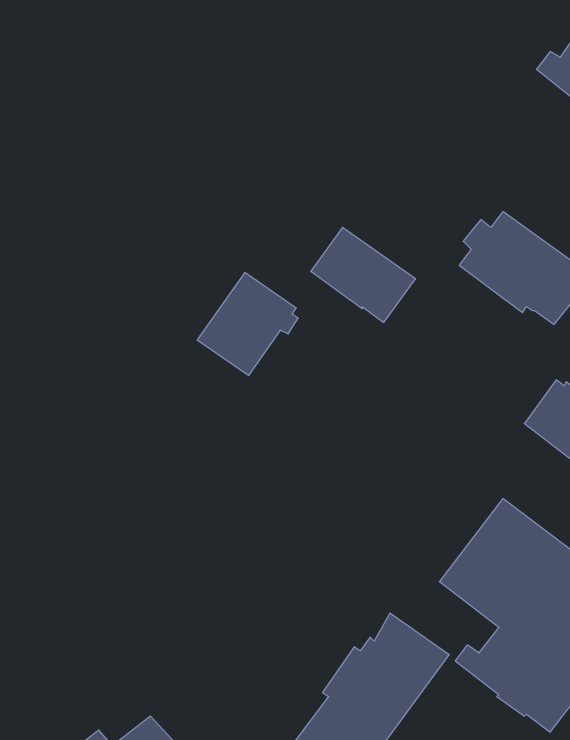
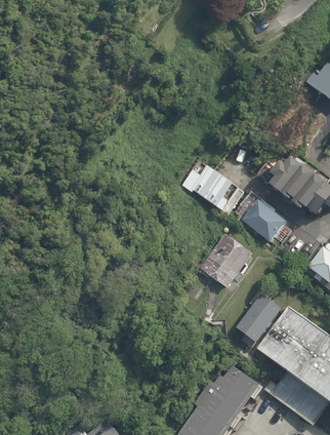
building: [197,273,298,376] -> [200,233,252,286]
building: none -> [234,194,285,240]
building: none -> [236,292,280,340]

